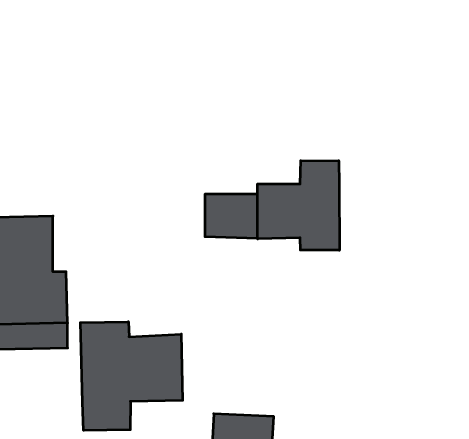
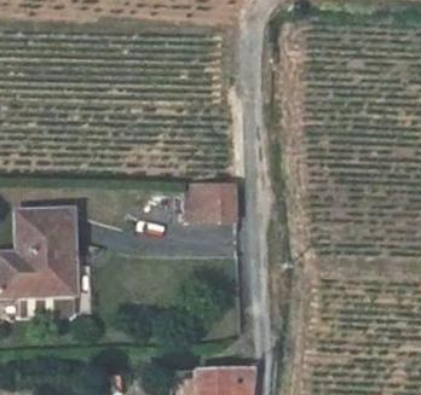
building: [258,161,339,250] -> none
building: [80,322,183,430] -> none

